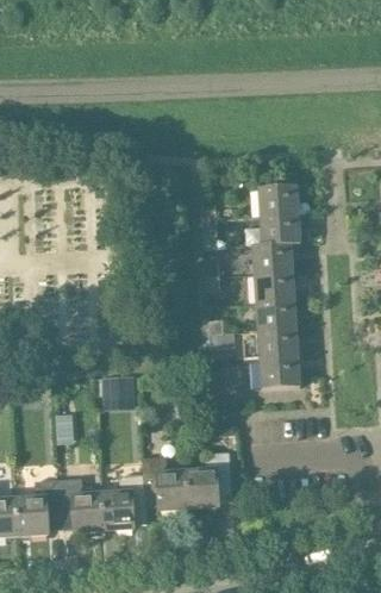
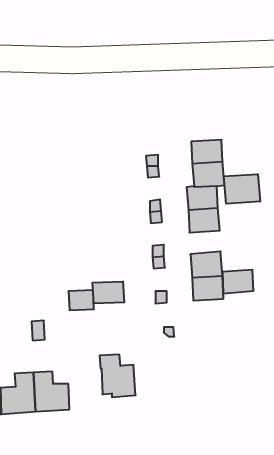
building: none -> [224,174,260,204]
building: [256,301,295,331] -> [222,270,254,294]
building: none -> [93,281,124,304]
building: [186,454,231,508] -> none
building: [104,475,149,526] -> none

